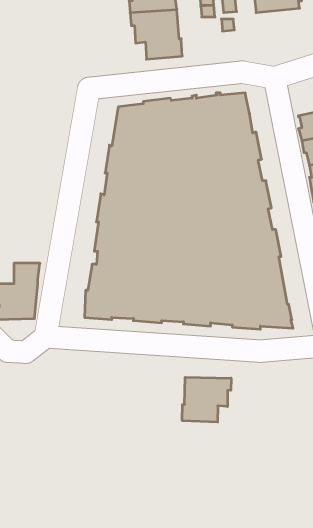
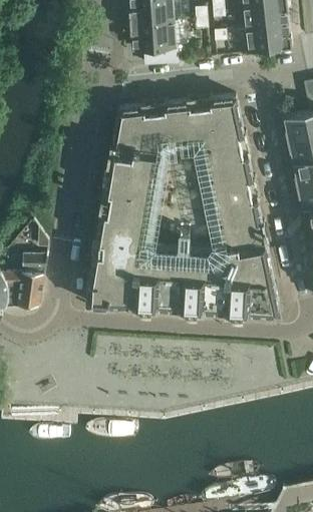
building: none -> [245,18,291,51]
building: [182,377,231,422] -> none

